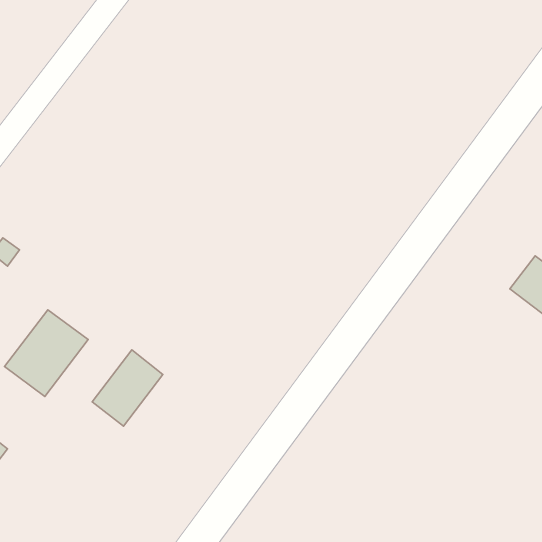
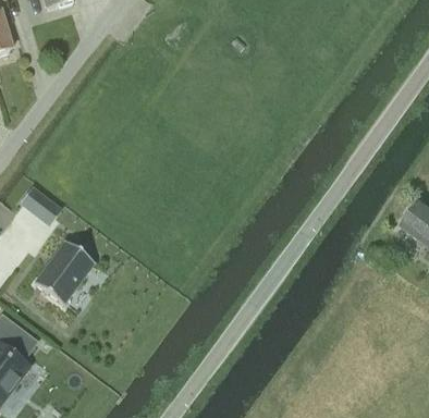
building: [92,350,163,426] -> none

